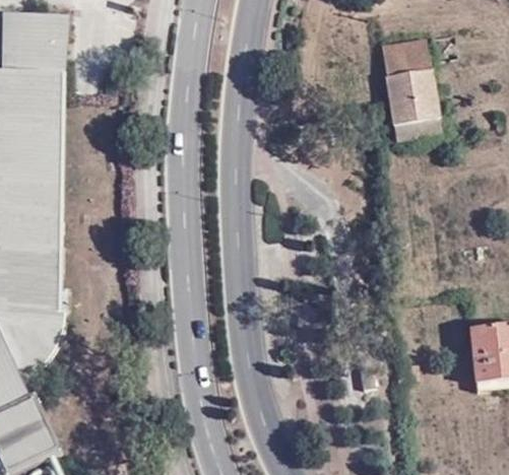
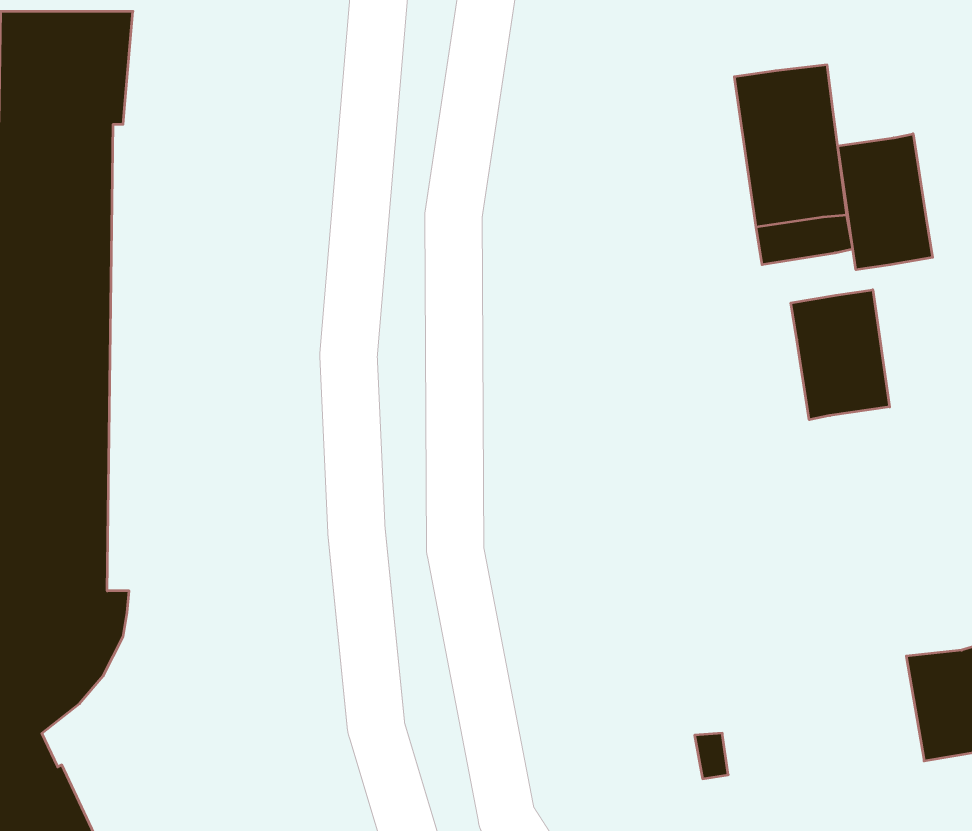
building: none -> [838,134,933,270]
building: none -> [791,290,890,420]

